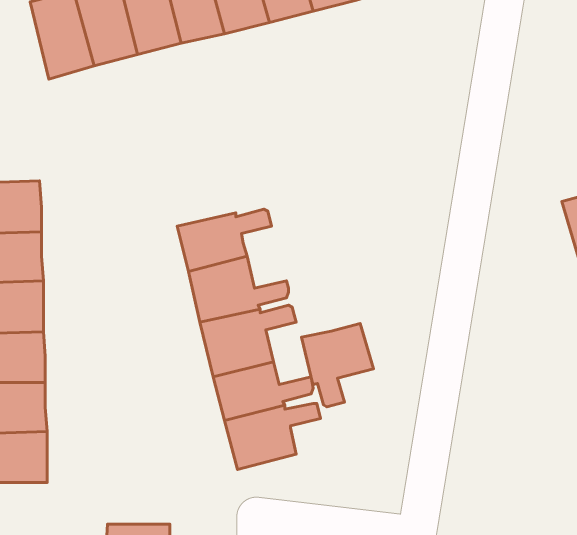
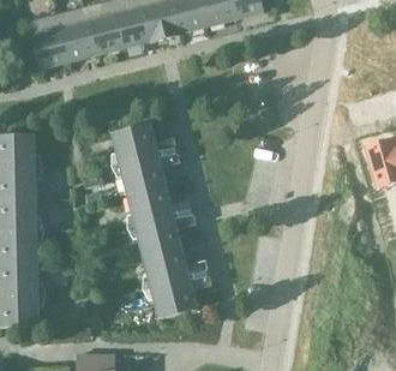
building: none -> [112,124,175,163]
building: [302,323,373,407] -> none

